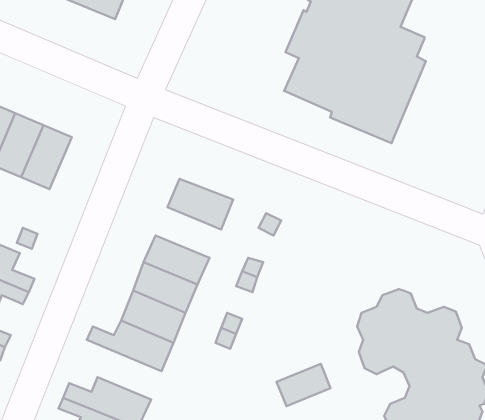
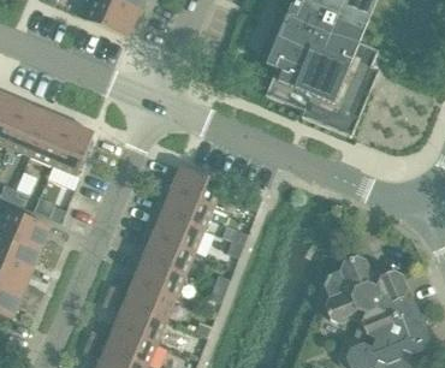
building: none -> [160,186,213,227]
building: none -> [100,293,165,342]
building: [277,364,330,406] -> none

